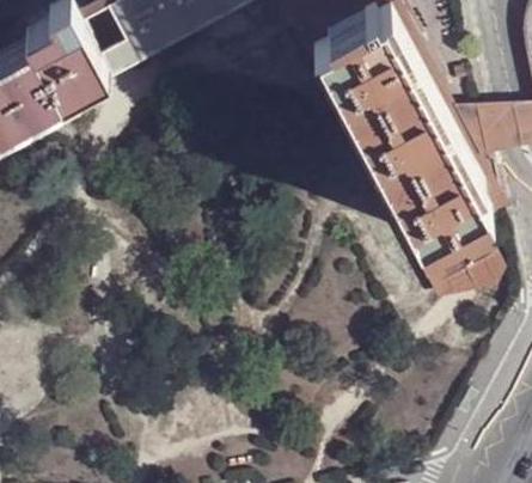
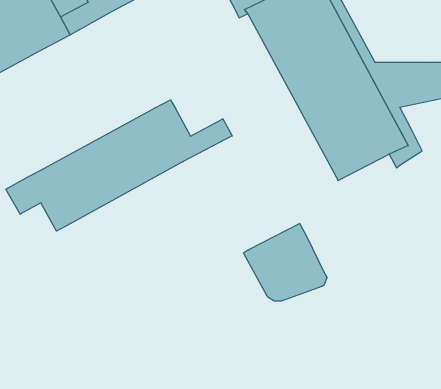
building: none -> [6,100,232,231]
building: [406,212,501,299] -> [243,223,327,301]

